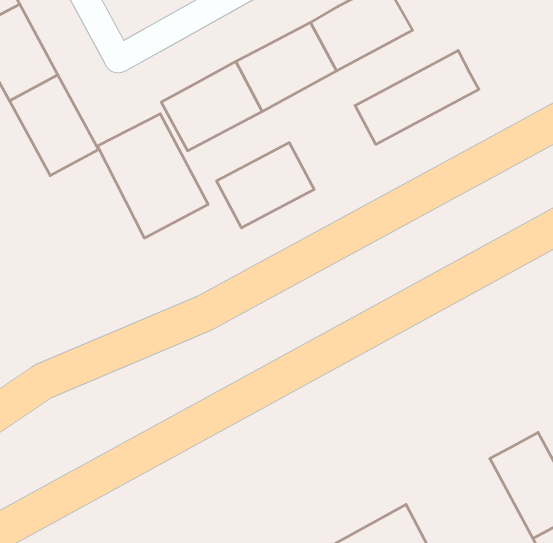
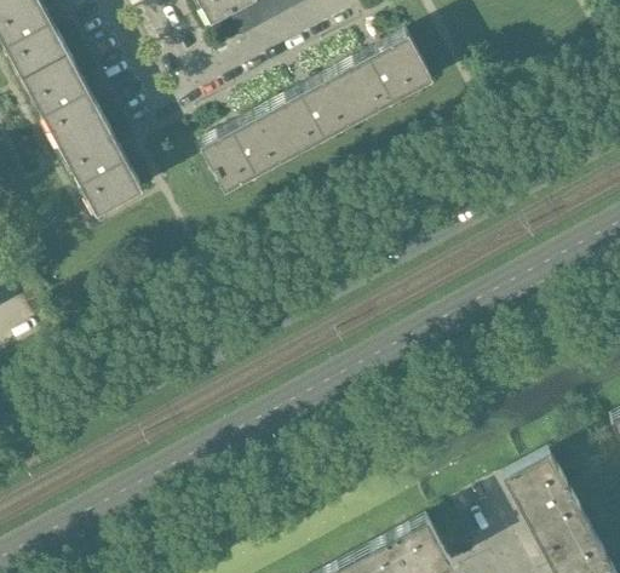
building: [355,50,479,144] -> none
building: [98,114,208,238] -> none
building: [217,143,314,228] -> none

